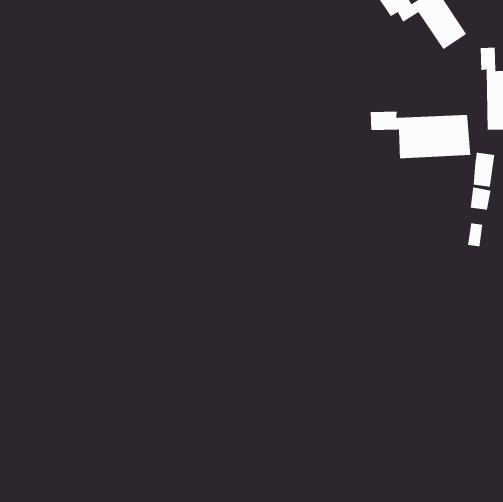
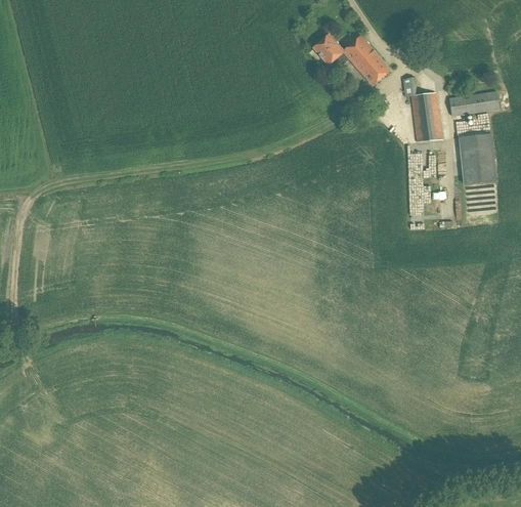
building: [370,111,471,159] -> none

